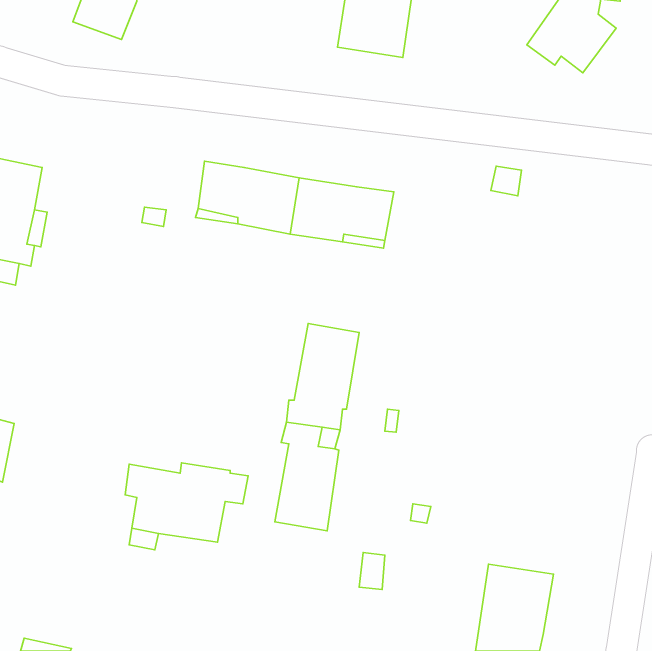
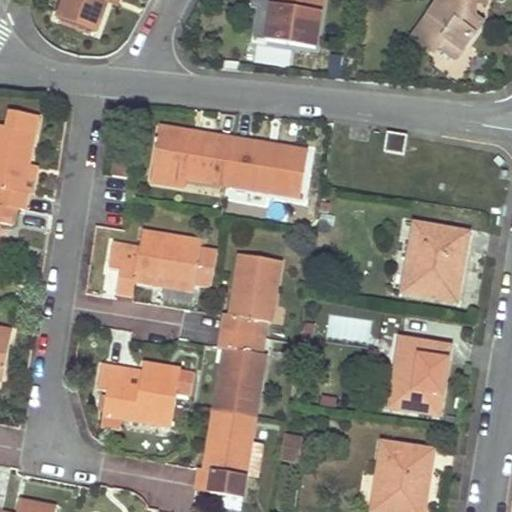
building: none -> [402,222,468,300]
building: none -> [108,229,218,303]
building: none -> [390,337,450,413]
building: none -> [198,408,256,488]

